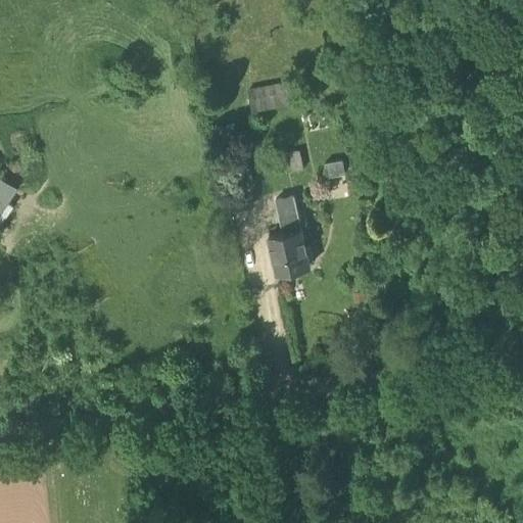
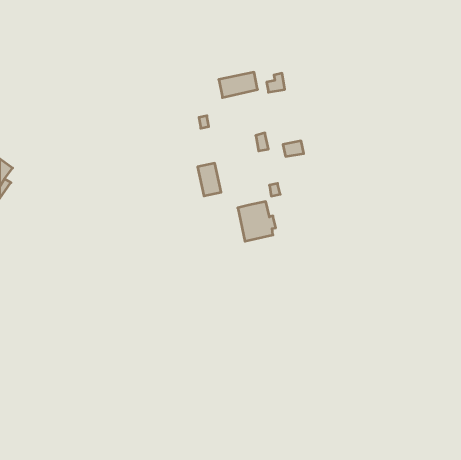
building: [274,197,300,234] -> [198,163,221,196]

